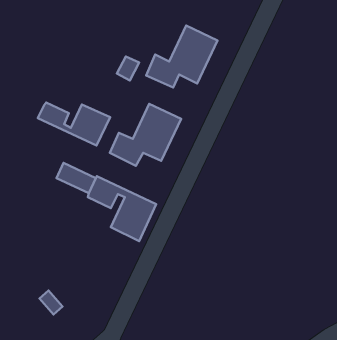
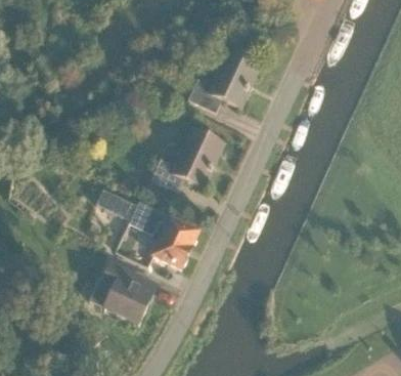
building: [38,103,110,146] -> none
building: none -> [89,260,151,323]

